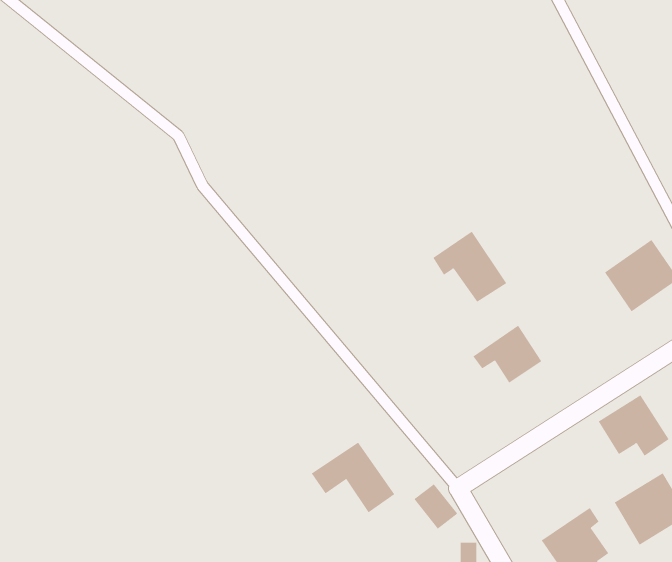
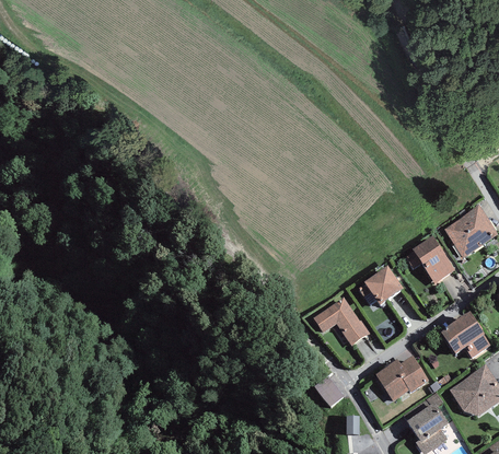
building: [432,231,507,302] -> [405,235,456,284]
building: [311,442,395,513] -> [311,296,369,346]
building: none -> [375,358,429,403]

